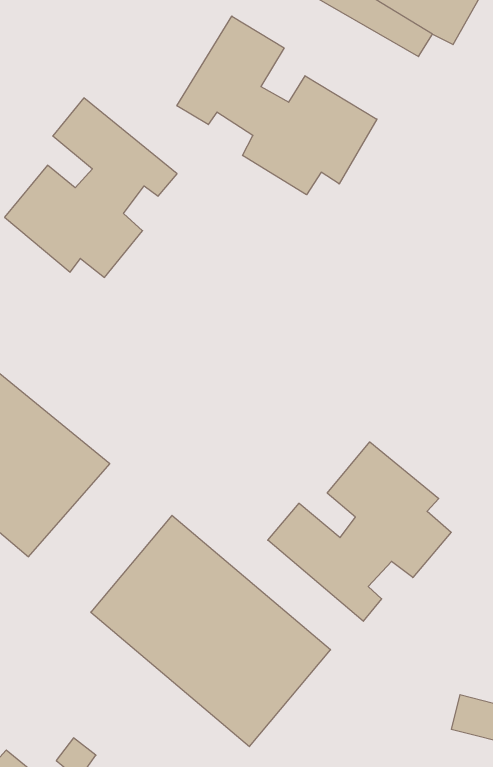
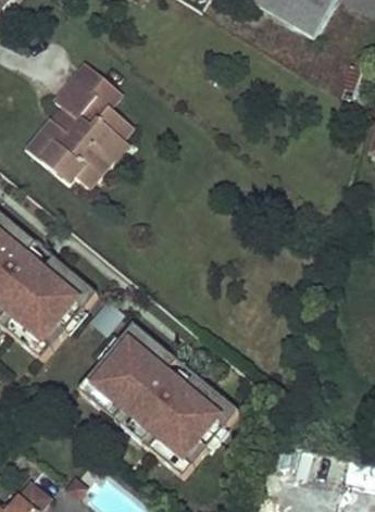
building: [177,16,377,195] -> none
building: [268,442,451,621] -> none

